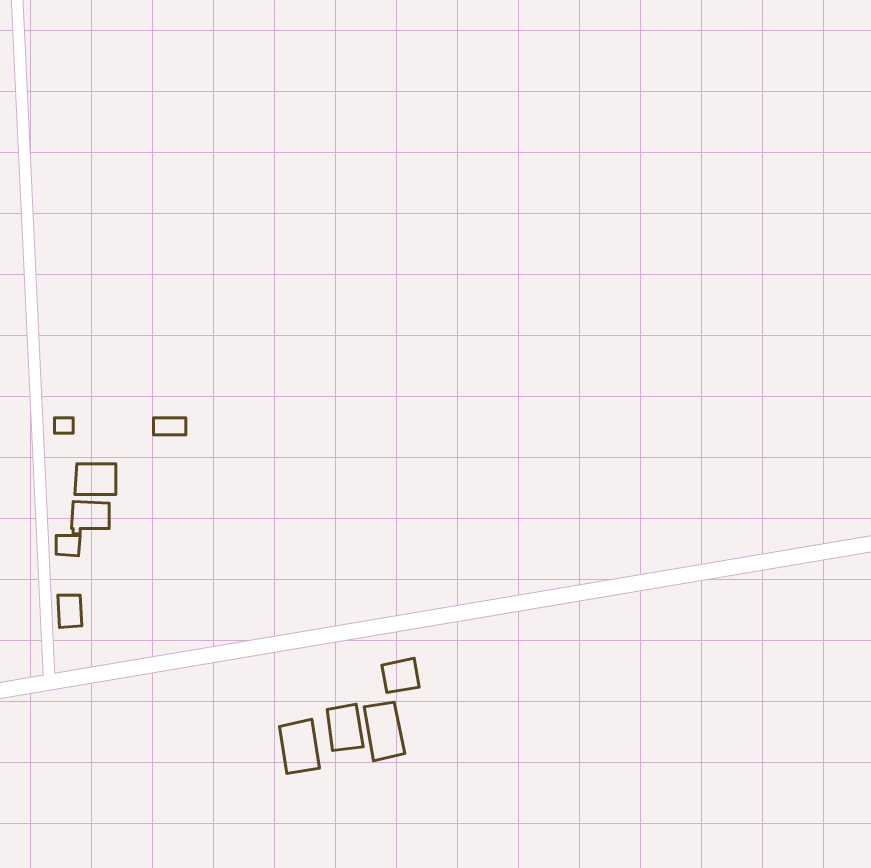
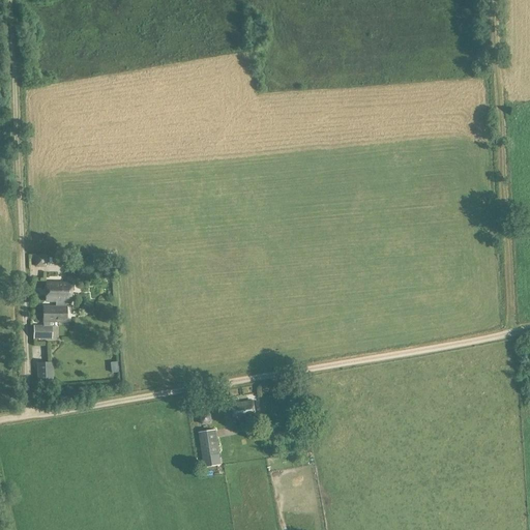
building: [364,702,405,761] -> none
building: [279,719,320,773] -> none

